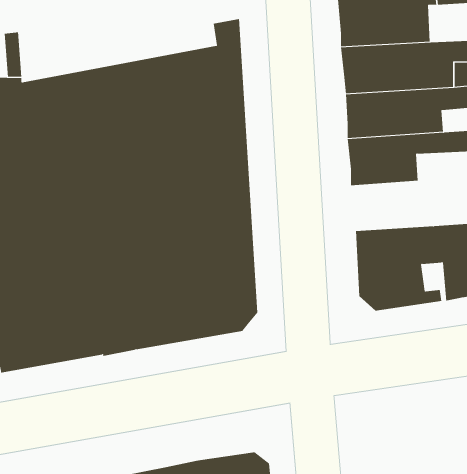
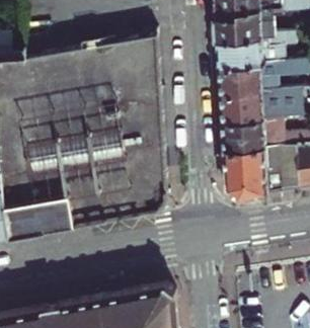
building: none -> [220,118,284,151]

